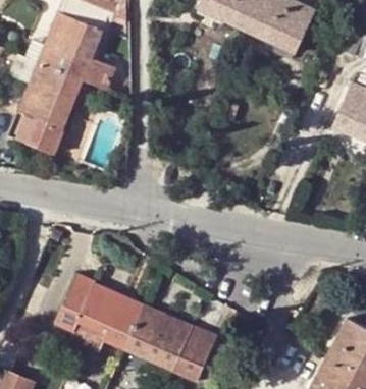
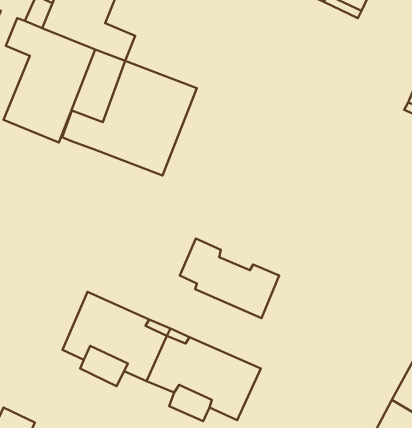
building: none -> [62,61,197,175]
building: none -> [180,238,279,318]

